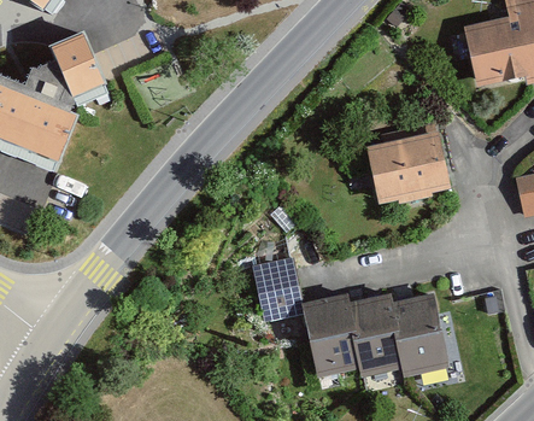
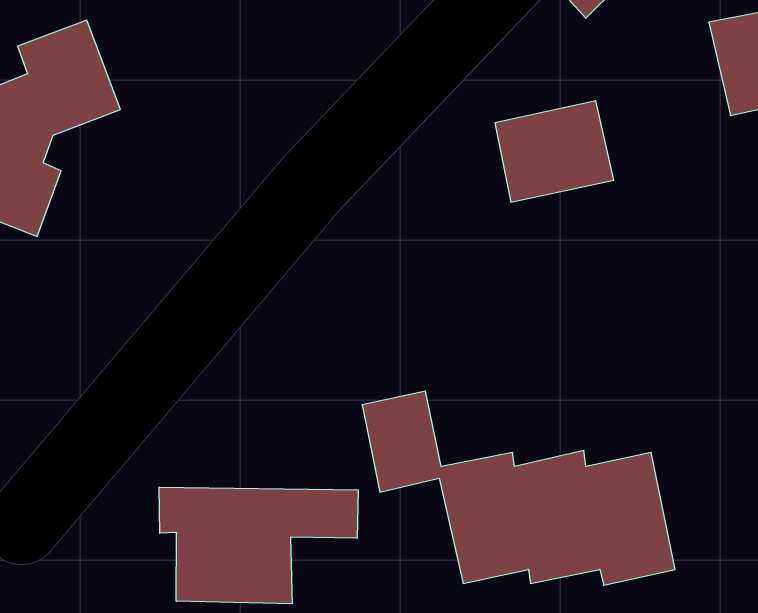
building: [374,134,446,195] -> [495,101,614,202]
building: none -> [159,487,358,604]

